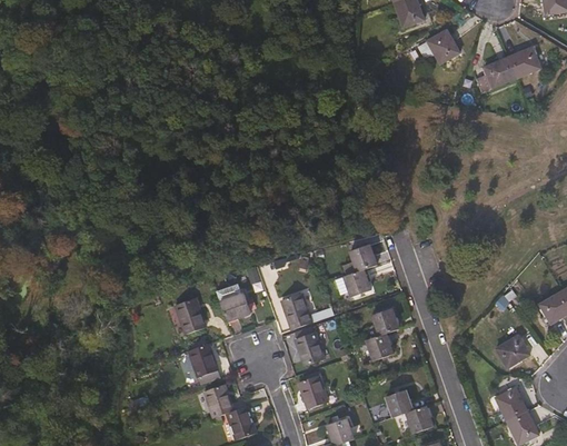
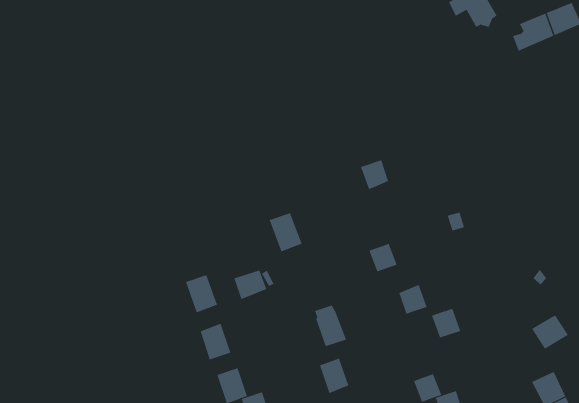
building: [350,244,377,271] -> [360,160,389,190]
building: [281,293,312,329] -> [269,212,303,252]
building: [366,333,394,360] -> [431,308,461,338]

